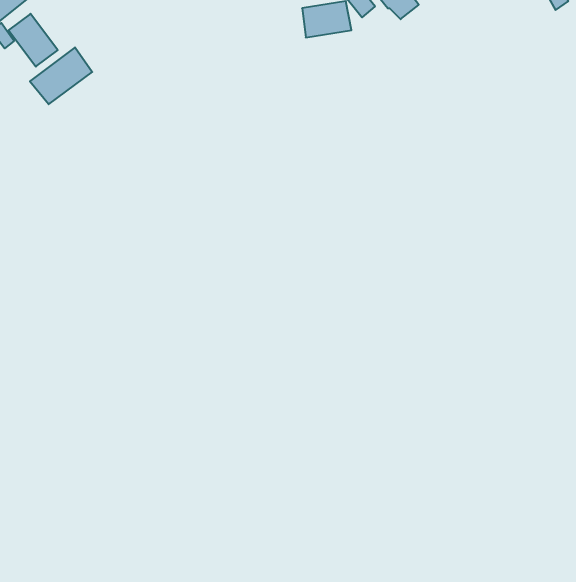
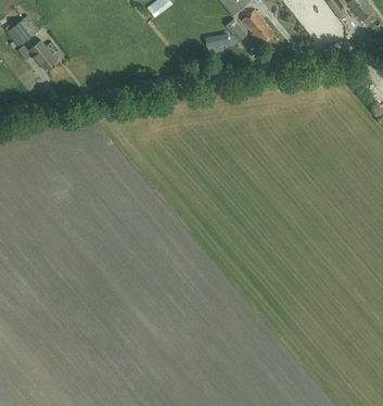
building: [30,47,92,104] -> none

